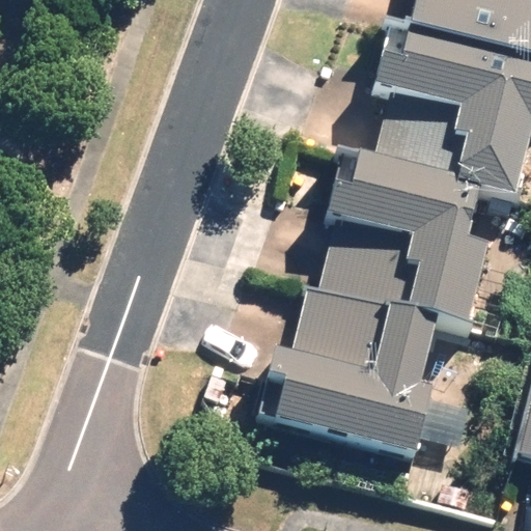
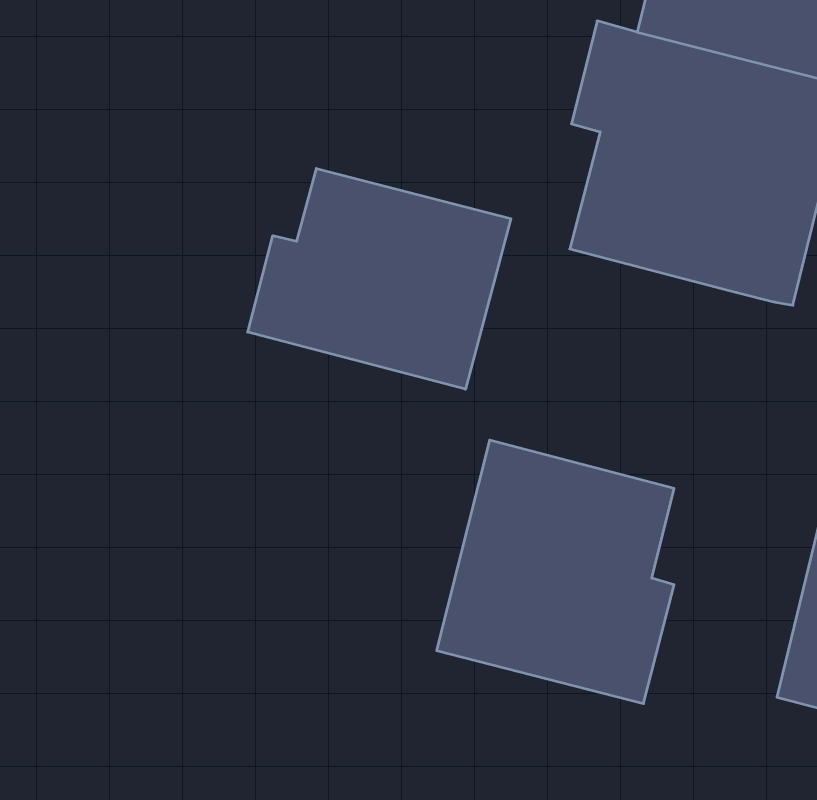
building: none -> [248,168,511,389]
building: [318,156,491,324] -> none

